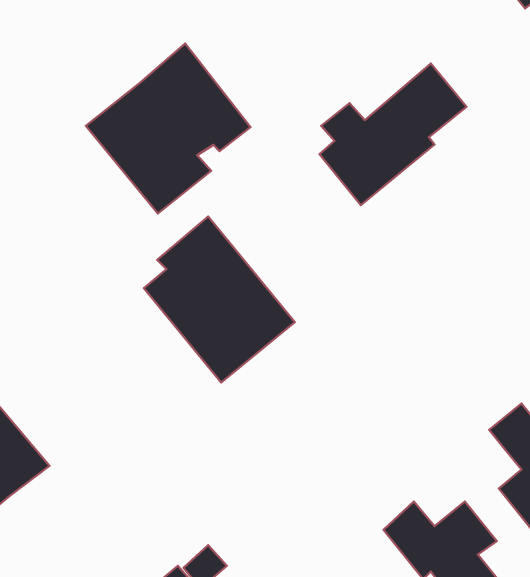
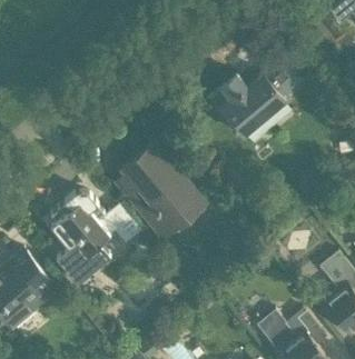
building: [86,43,250,214] -> none
building: none -> [52,191,140,280]

